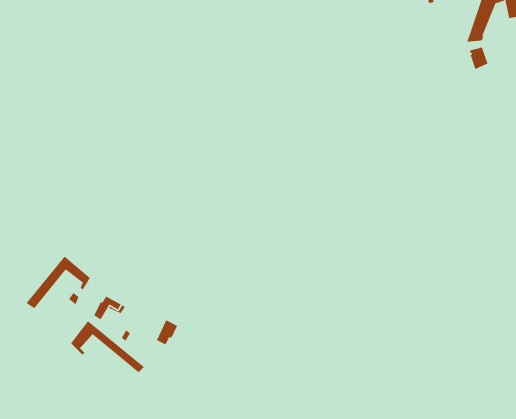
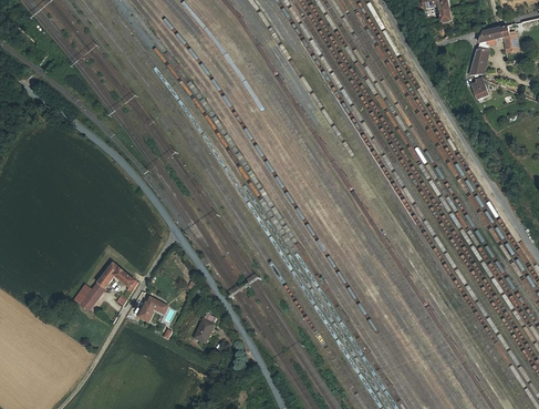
building: [70,320,145,373] -> none

